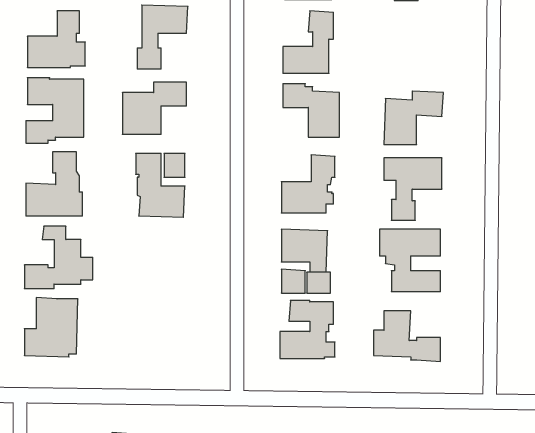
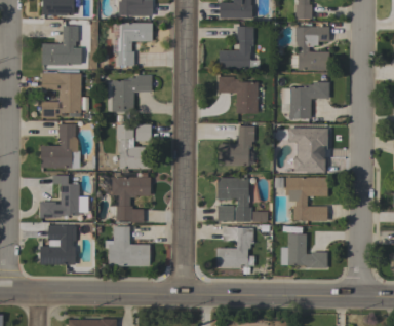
building: none -> [296,26,329,70]
building: none -> [112,177,151,222]
building: none -> [105,226,150,266]

